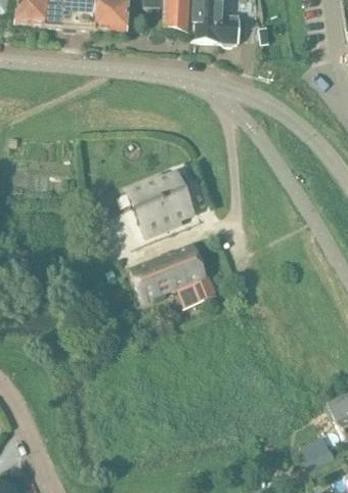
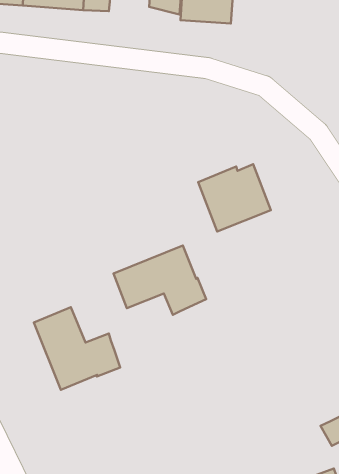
building: [127,171,193,232] -> [198,164,271,231]
building: none -> [34,307,120,390]

